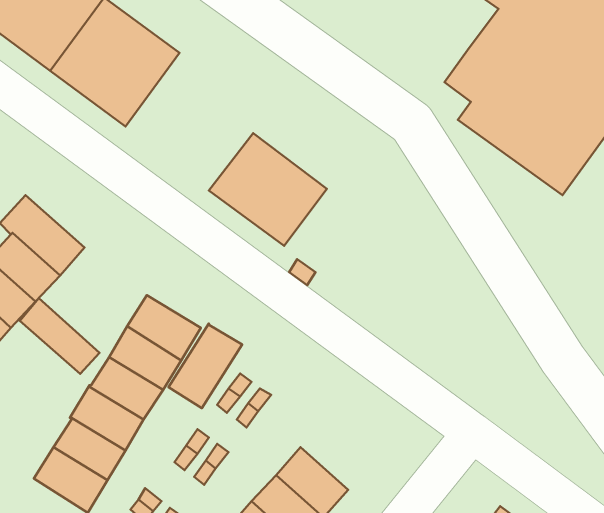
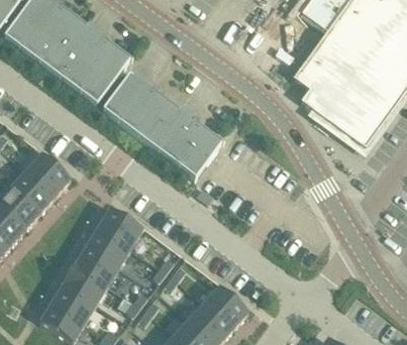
building: none -> [103,73,176,142]
building: [20,298,100,374] -> none
building: [169,324,242,408] -> none
building: none -> [205,284,248,327]

